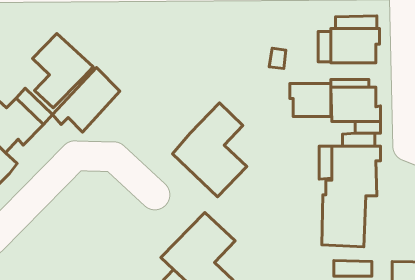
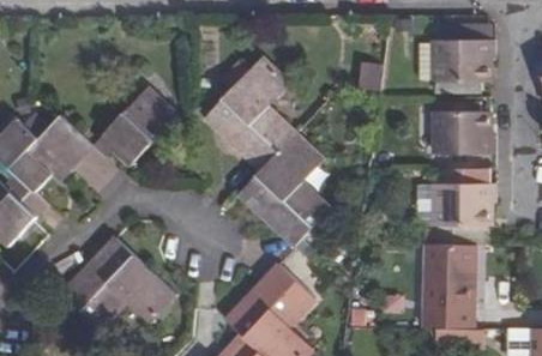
building: [32,33,93,108] -> none
building: none -> [205,56,296,168]
building: [290,83,331,116] -> none
building: none -> [62,239,176,328]

